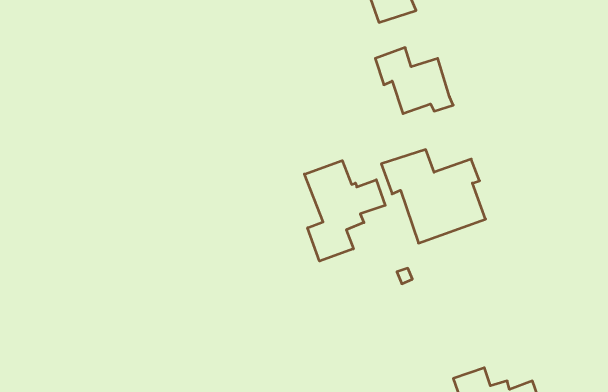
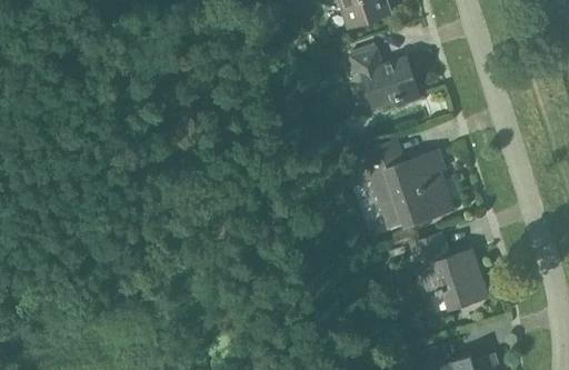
building: [304,161,385,261] -> none
building: none -> [412,233,488,310]

